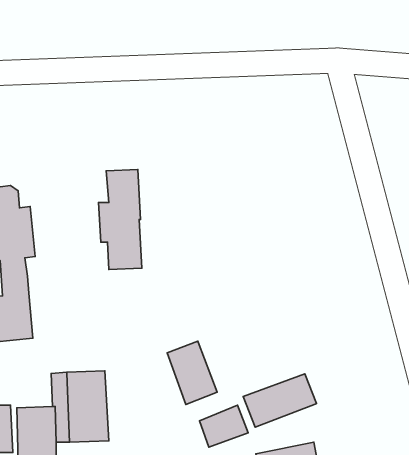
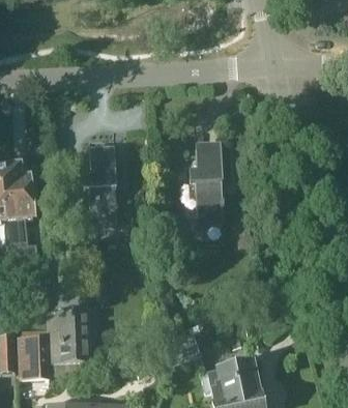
building: none -> [190,145,224,221]
building: [167,341,217,404] -> none
building: [243,374,316,427] -> none

